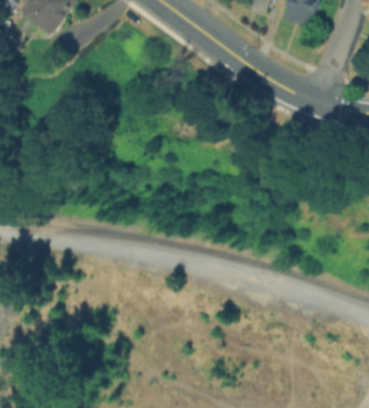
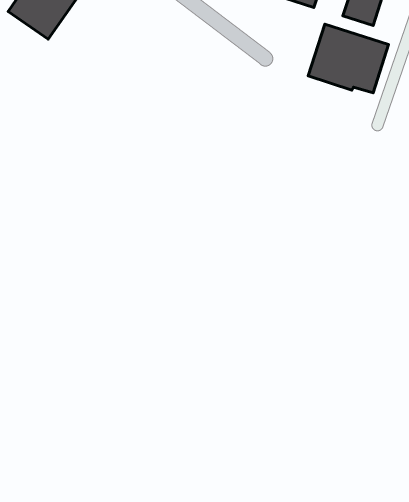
building: none -> [308,24,388,93]

